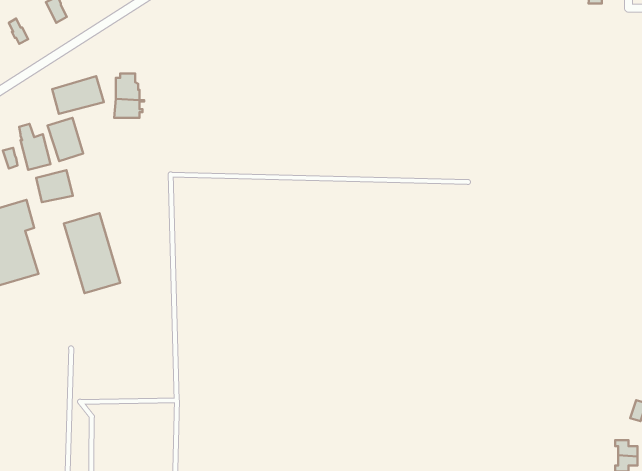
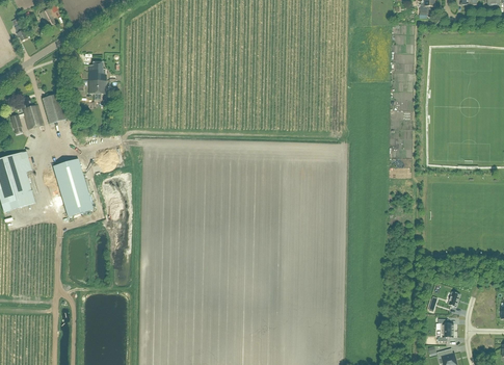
building: [52,76,104,114] -> none
building: [36,170,73,202] -> none

